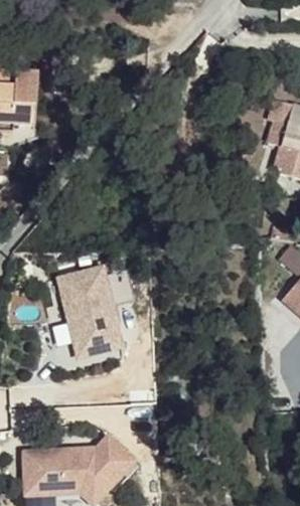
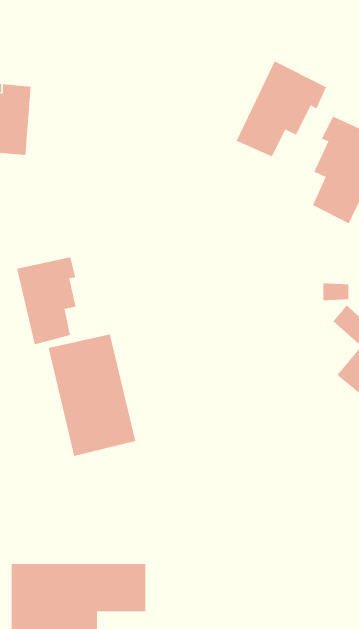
building: none -> [236,61,327,157]
building: none -> [16,256,76,345]

